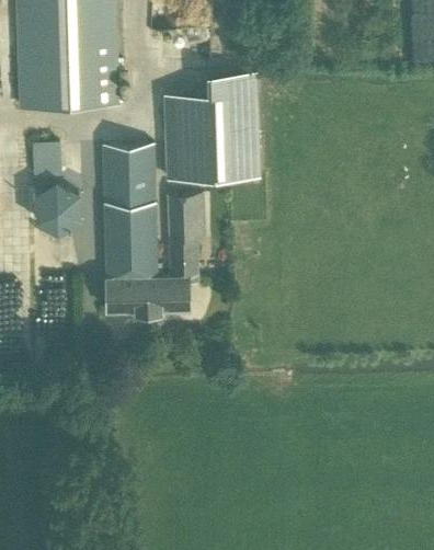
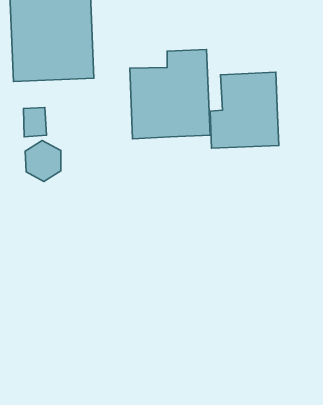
building: none -> [210,72,279,148]
building: [102,145,205,313] -> none

